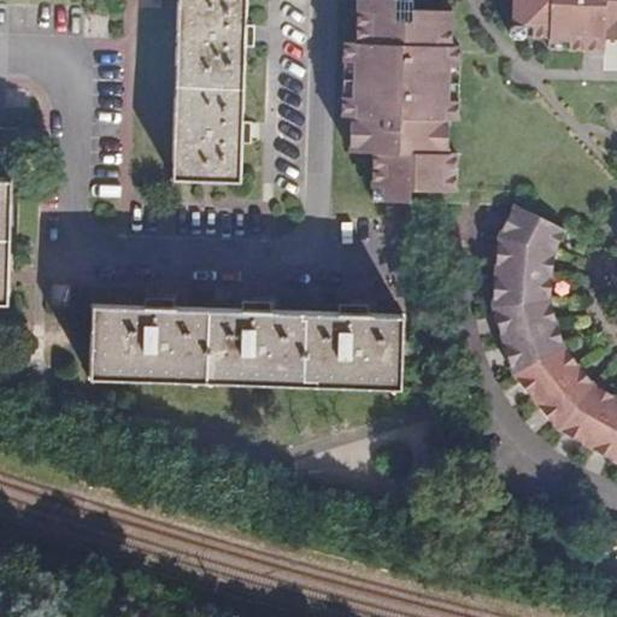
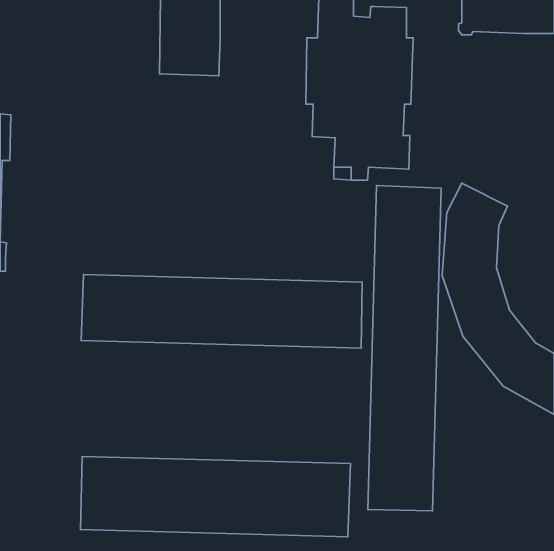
building: [174,82,243,180] -> none
building: none -> [368,186,441,511]
building: none -> [81,456,351,537]

